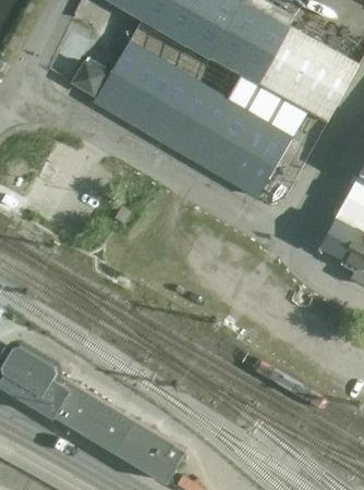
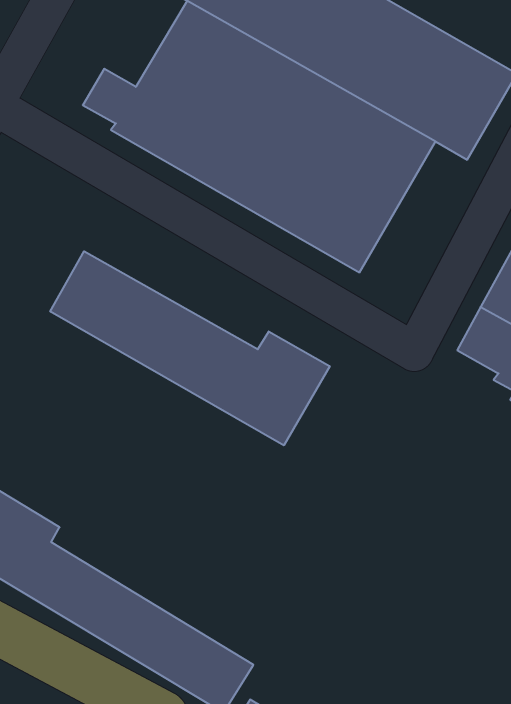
building: none -> [50,251,330,445]

